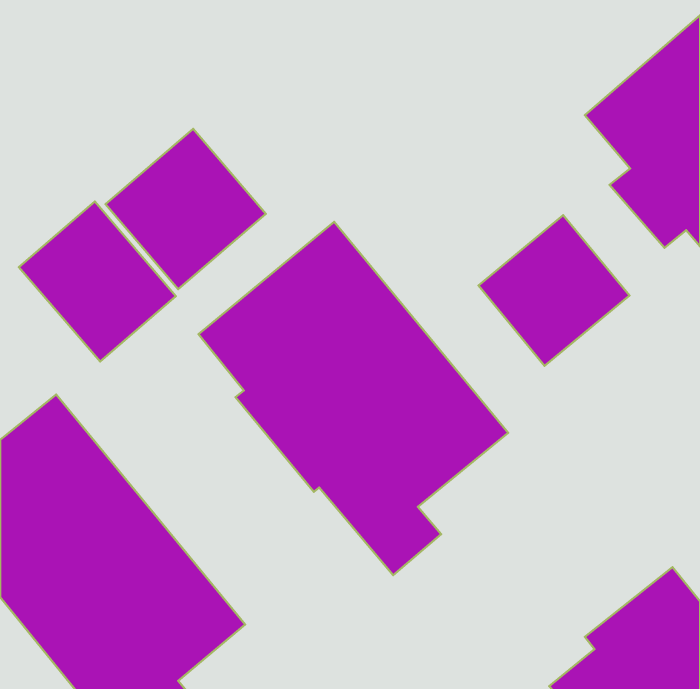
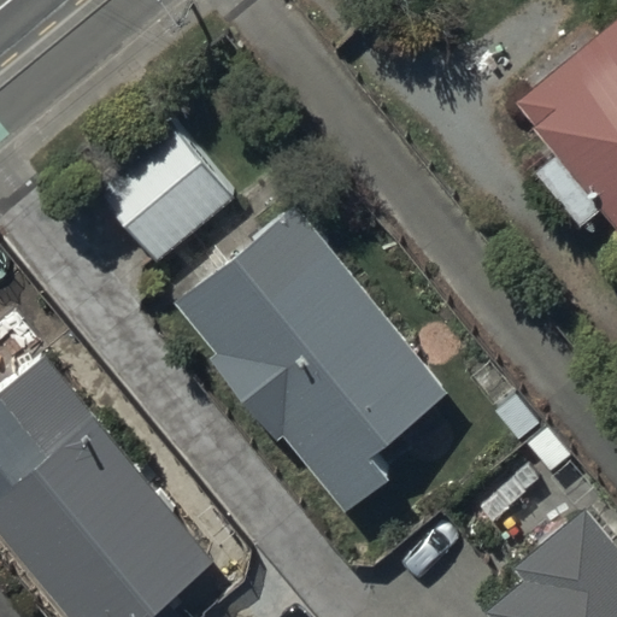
building: [19,202,176,362] -> none
building: [478,215,629,366] -> none

